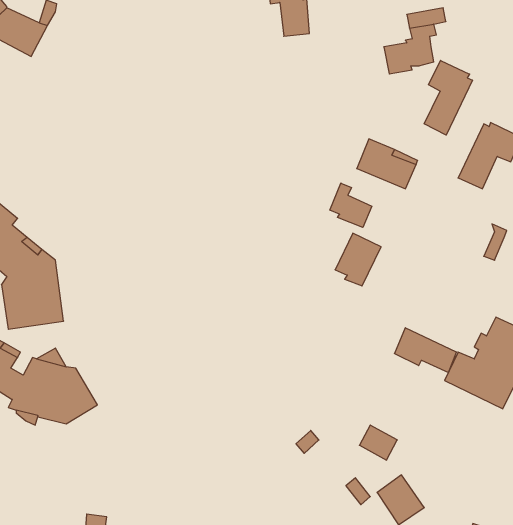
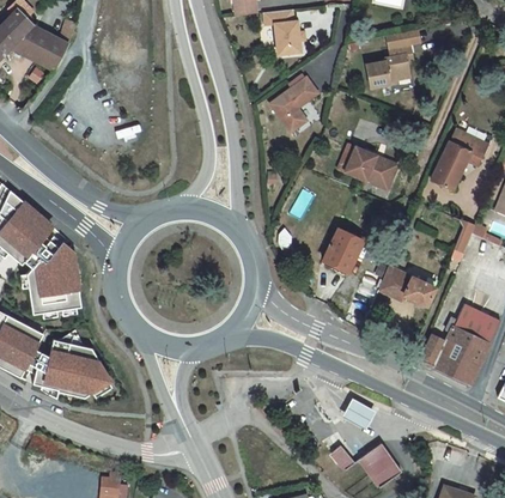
building: [424,60,472,135] -> none
building: none -> [272,77,318,132]
building: [330,183,372,227] -> none
building: [394,328,457,372] -> [379,266,434,305]

